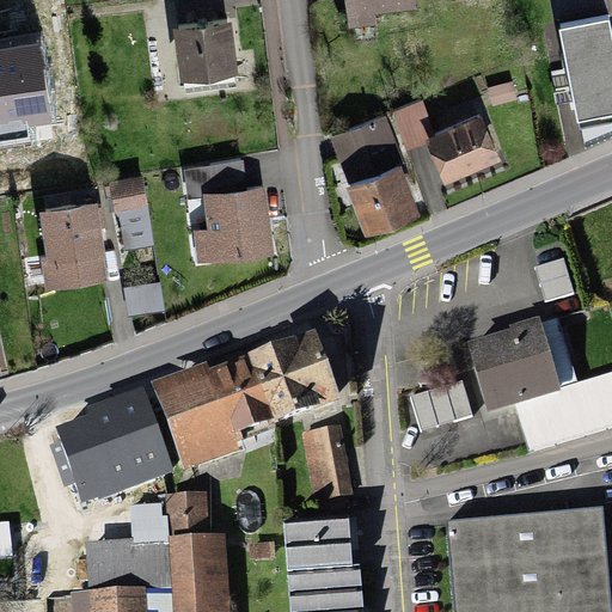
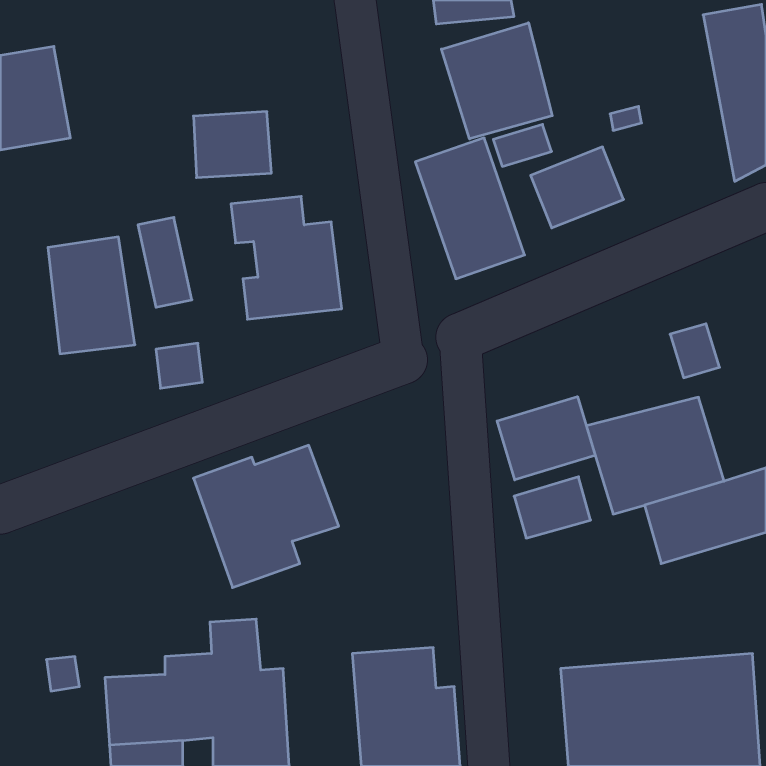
building: none -> [441,23,552,139]
building: [176,26,238,79] -> [193,112,271,178]
building: none -> [497,397,595,480]
building: [246,331,338,420] -> none
building: [56,387,172,501] -> none
building: [304,434,347,502] -> none

